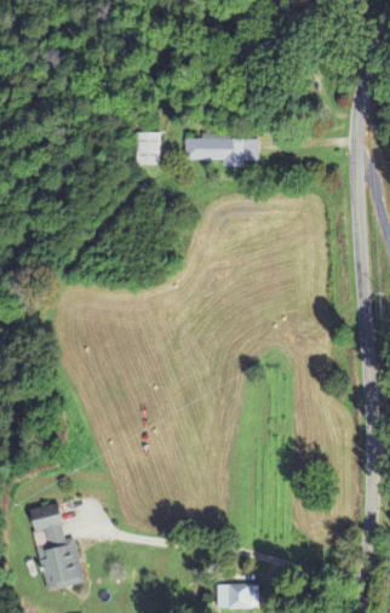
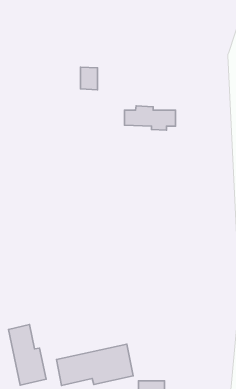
building: [183,132,257,167] -> [125,106,176,130]
building: none -> [56,344,133,385]

